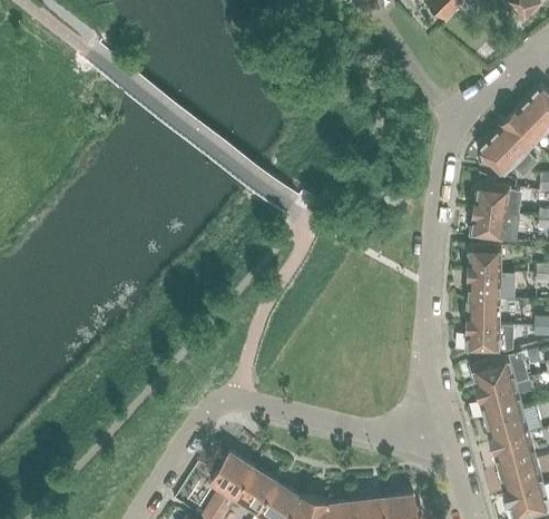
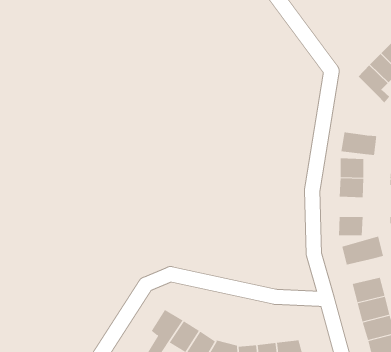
building: [477,135,530,178] -> none
building: [474,184,522,216] -> none
building: [468,300,501,326] -> none
building: [478,384,525,419] -> none

